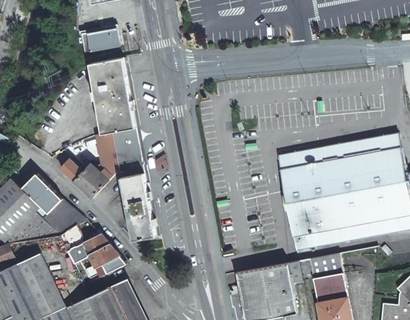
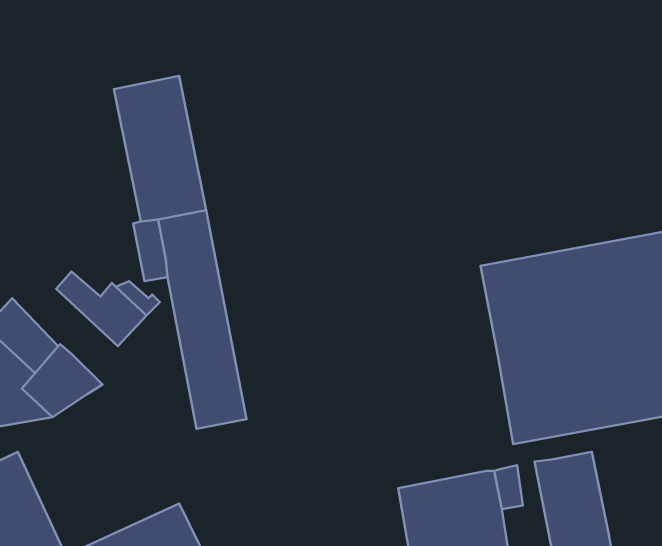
building: [80,26,119,53] -> none
building: [57,223,124,277] -> none

